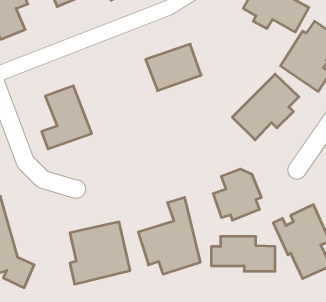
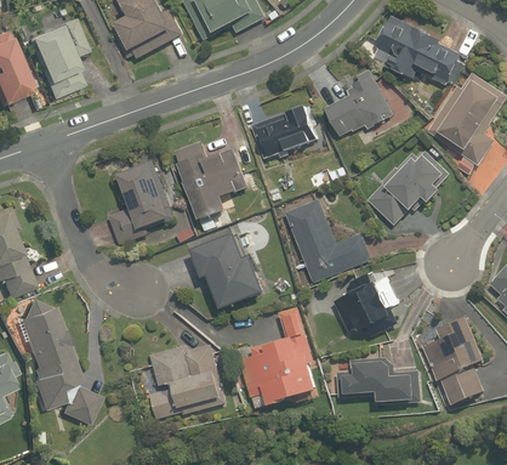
building: none -> [325,68,392,140]
building: none -> [172,129,256,225]
building: none -> [280,197,375,284]
building: none -> [192,234,266,310]

